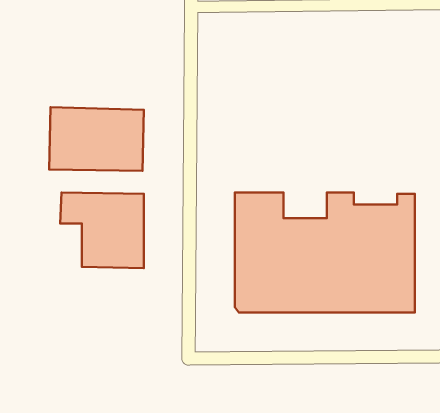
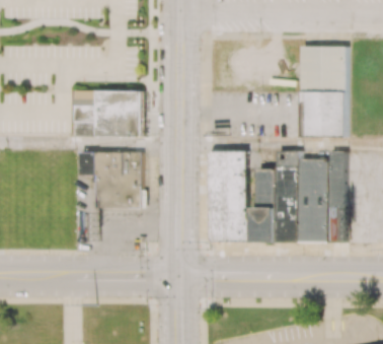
building: none -> [301,46,347,136]

